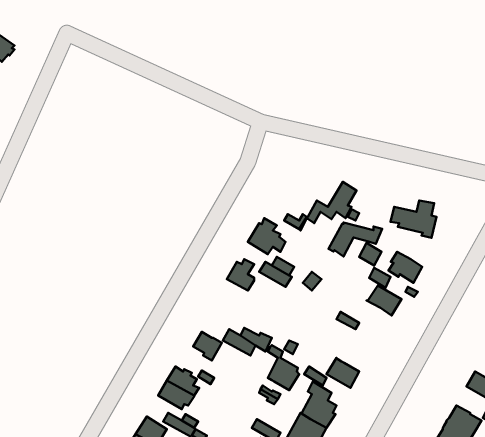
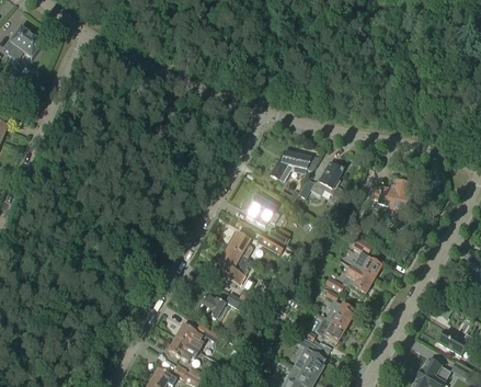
building: [328,223,382,256] -> [271,150,318,180]
building: [388,252,422,283] -> [343,265,373,293]
building: none -> [219,247,251,283]
building: [268,345,299,390] -> [325,288,353,328]

